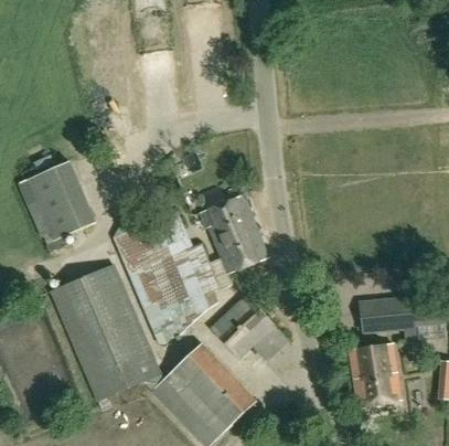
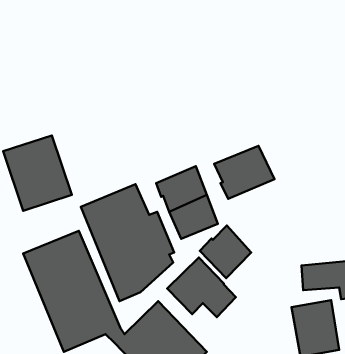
building: none -> [214,146,274,199]
building: none -> [200,226,251,278]

